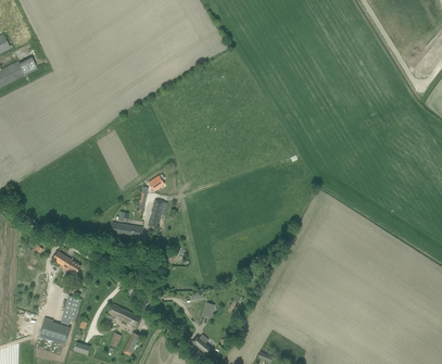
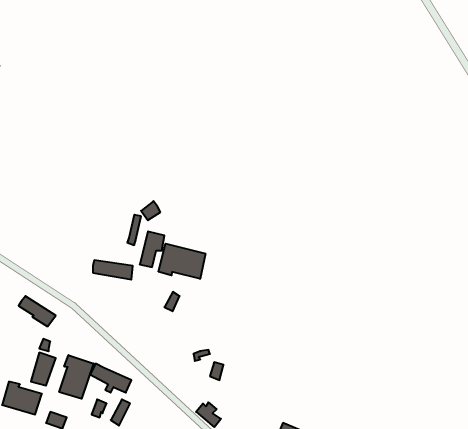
building: none -> [159,244,205,279]
building: none -> [59,355,94,399]

